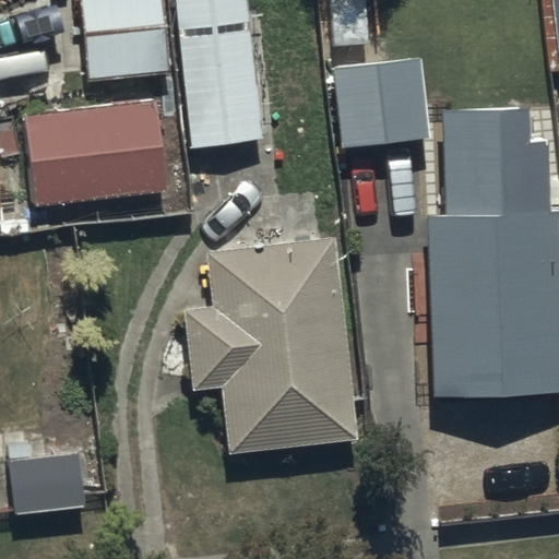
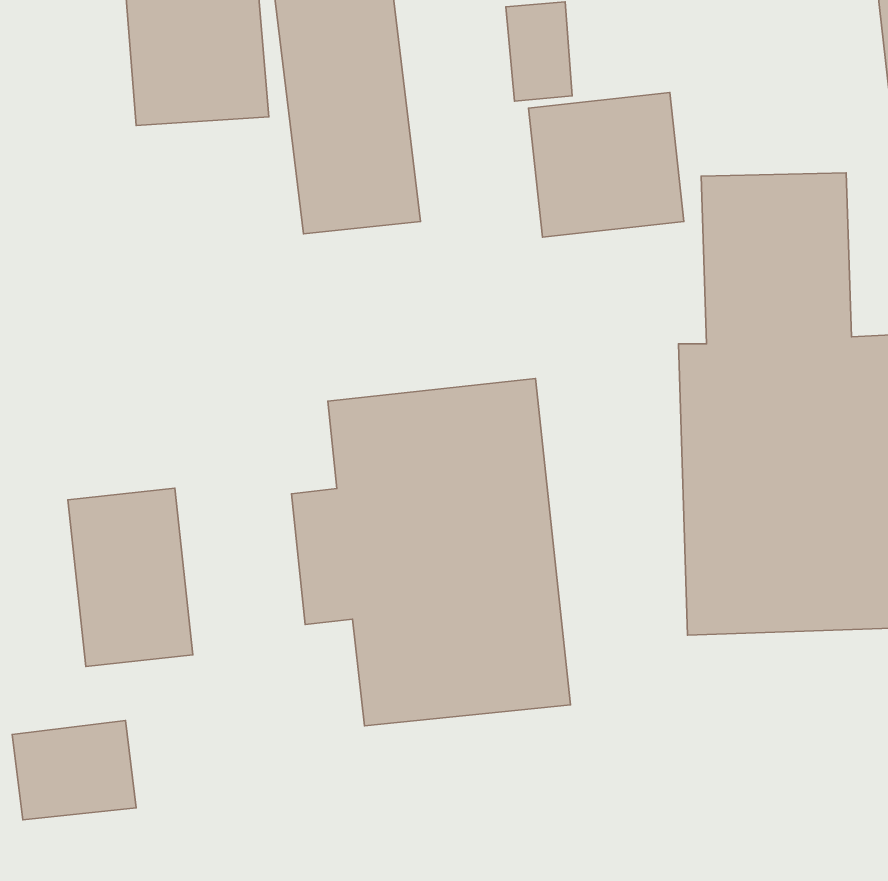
building: [24,100,168,205] -> none
building: none -> [68,488,193,667]

